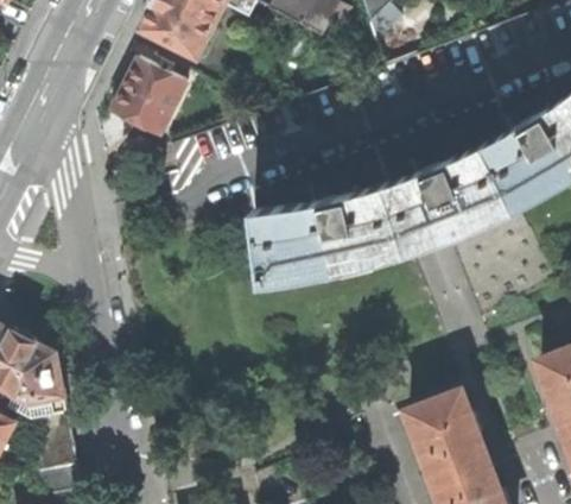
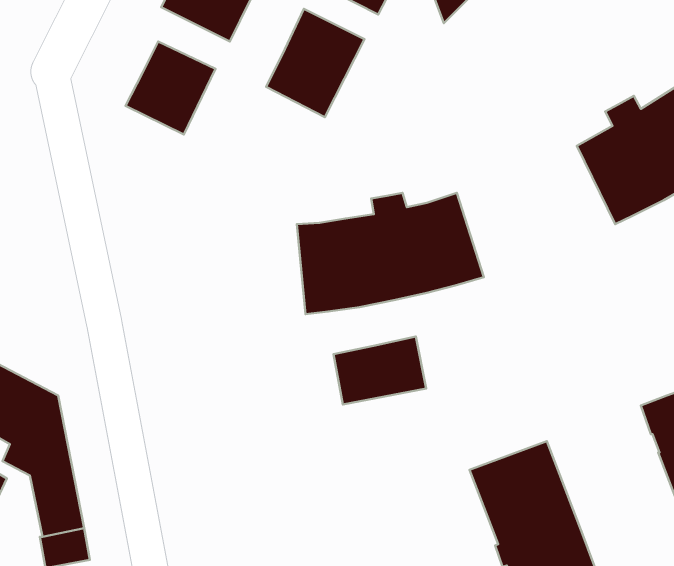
building: none -> [266,9,365,117]
building: [387,145,519,254] -> none
building: none -> [333,337,426,405]

